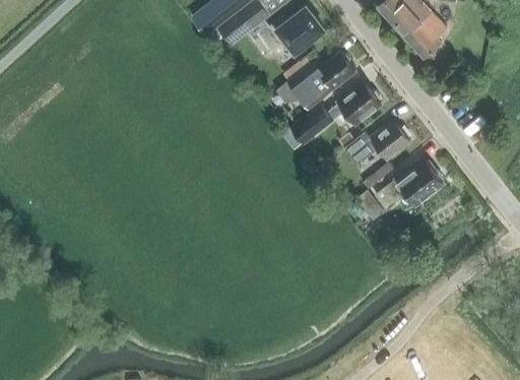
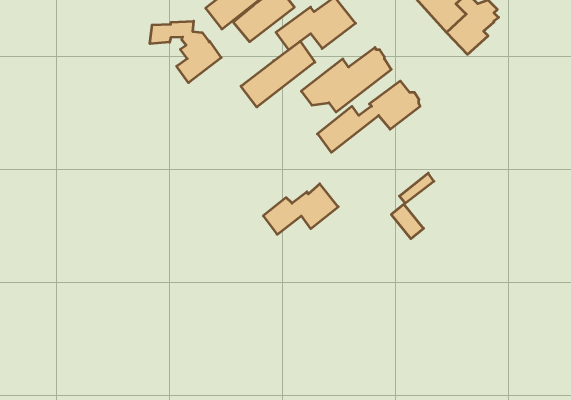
building: none -> [150,21,221,83]
building: none -> [241,41,315,107]
building: [344,119,410,164] -> [263,184,338,234]
building: [375,160,444,208] -> none

